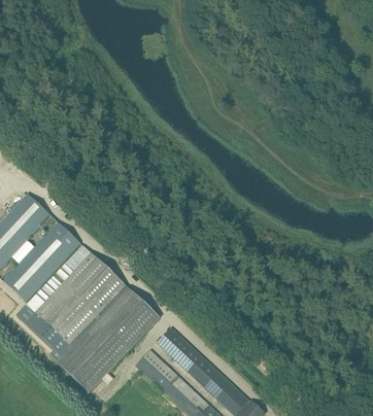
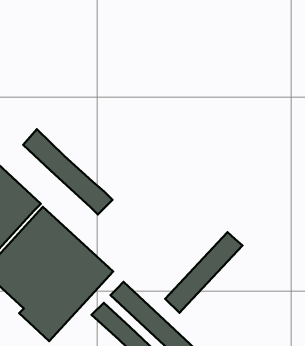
building: none -> [23,129,113,215]
building: none -> [165,232,242,313]

